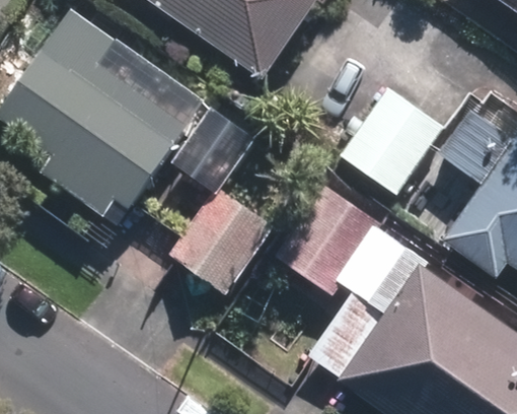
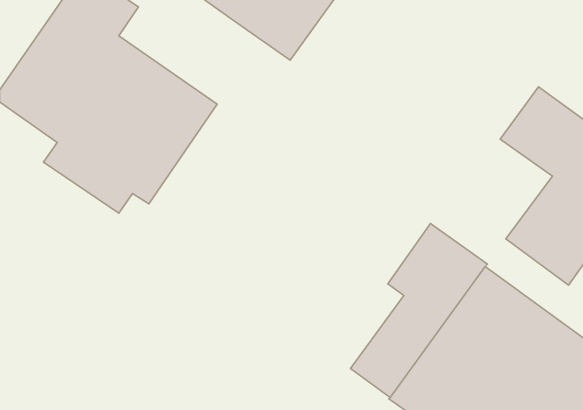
building: [340,85,443,192] -> none
building: [276,184,381,293] -> none
building: [170,186,275,291] -> none

